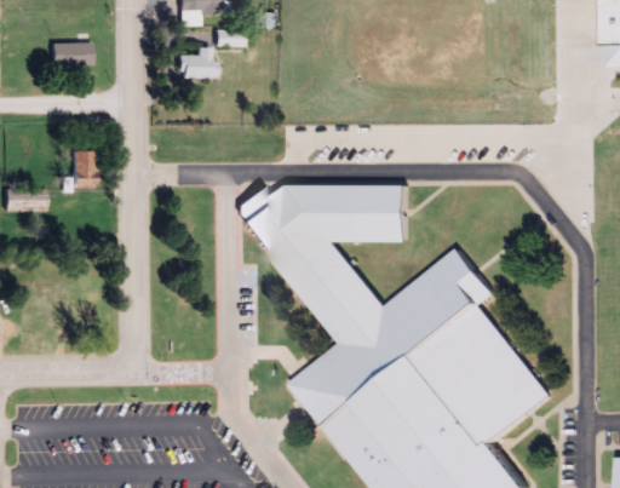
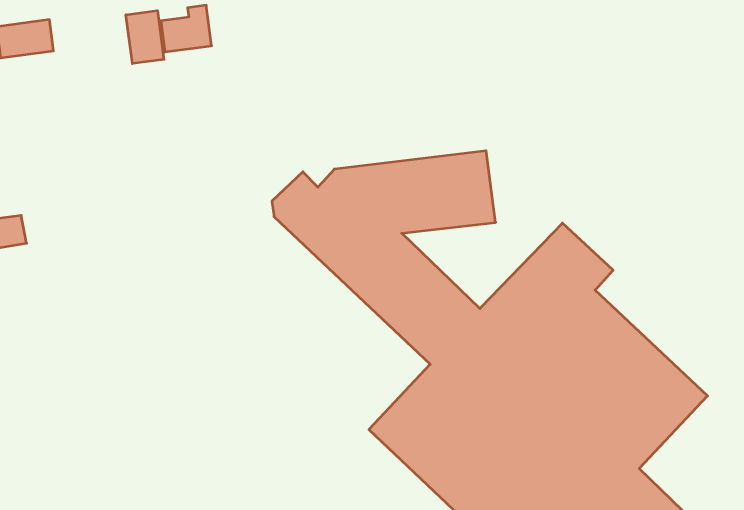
building: none -> [126,11,164,64]
building: [74,150,97,188] -> none

